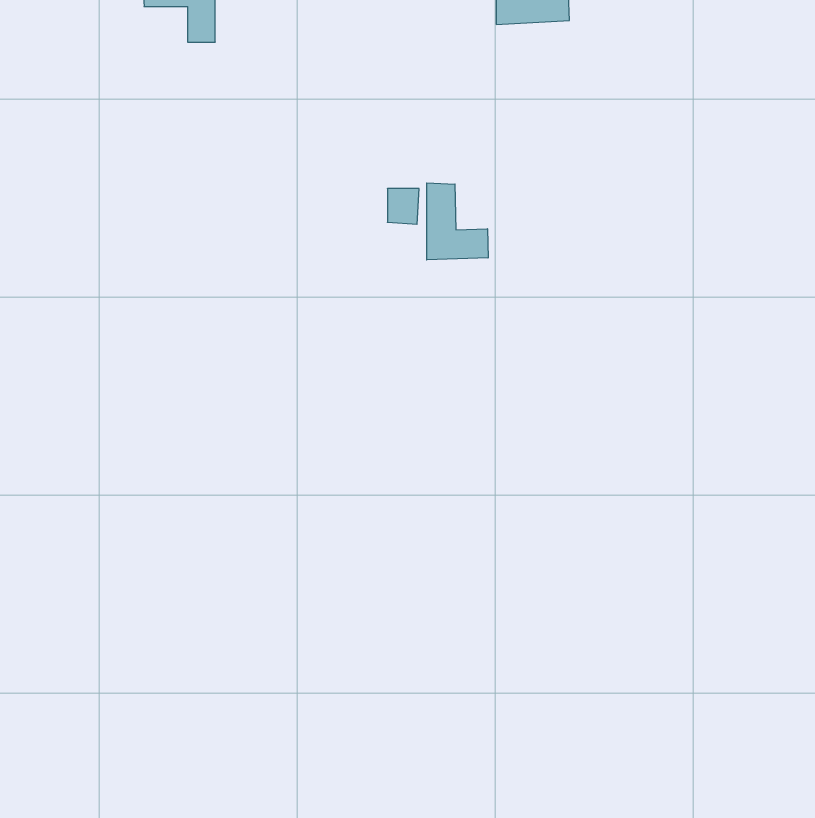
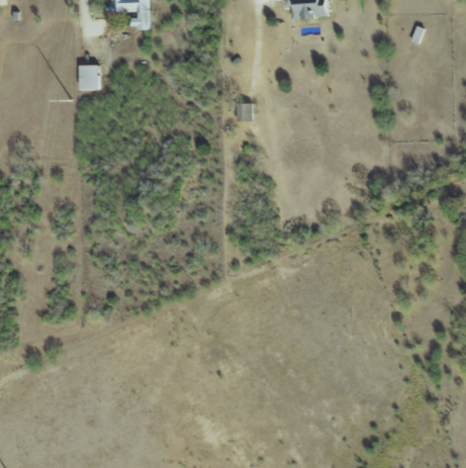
building: none -> [79,65,99,90]
building: [427,183,488,260] -> none

